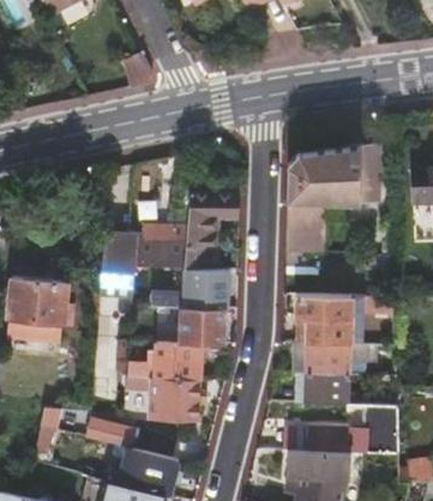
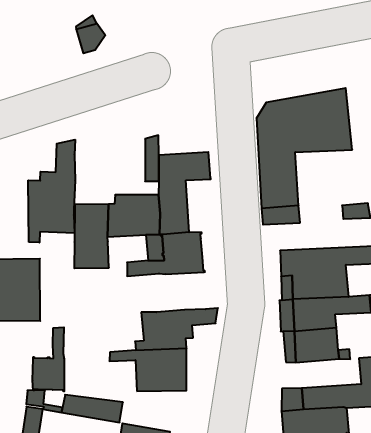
building: none -> [28,140,75,243]
building: [180,306,224,344] -> none
building: none -> [33,327,64,391]

